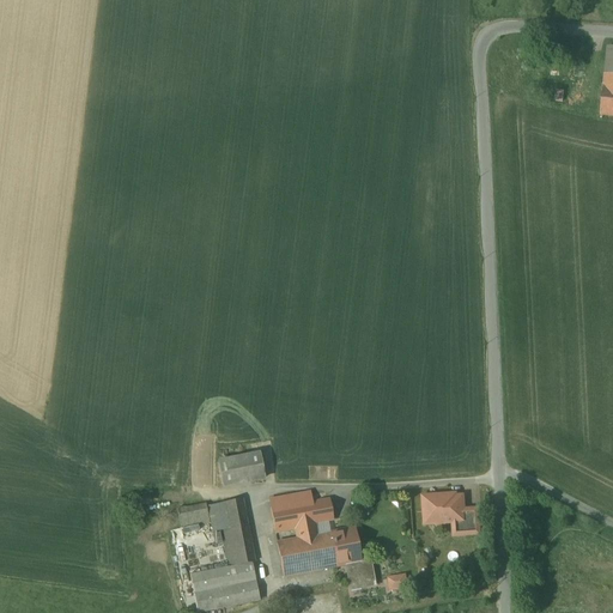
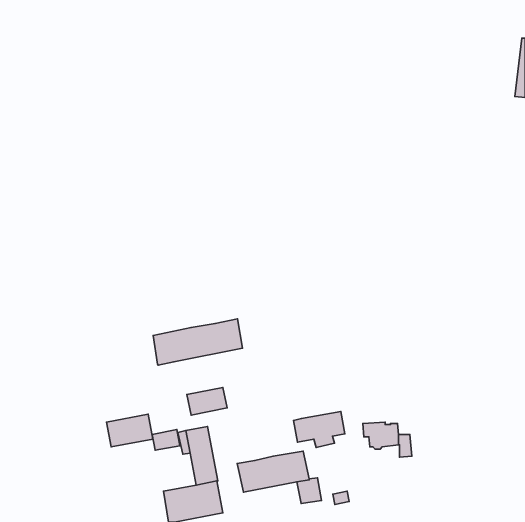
building: none -> [153,319,242,365]
building: none -> [106,414,153,447]
building: [271,494,330,536] -> [293,411,345,447]

